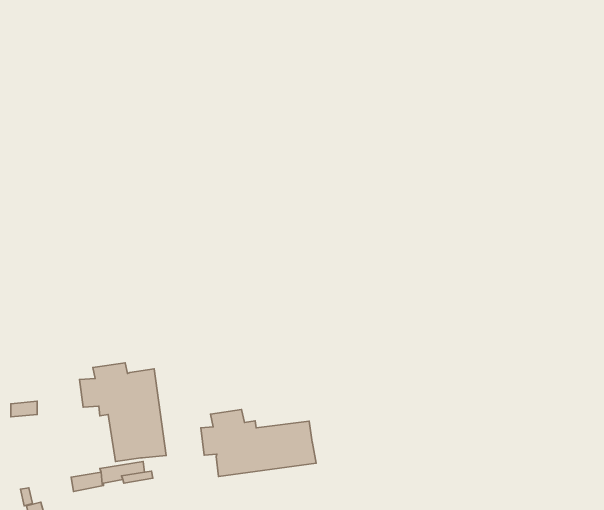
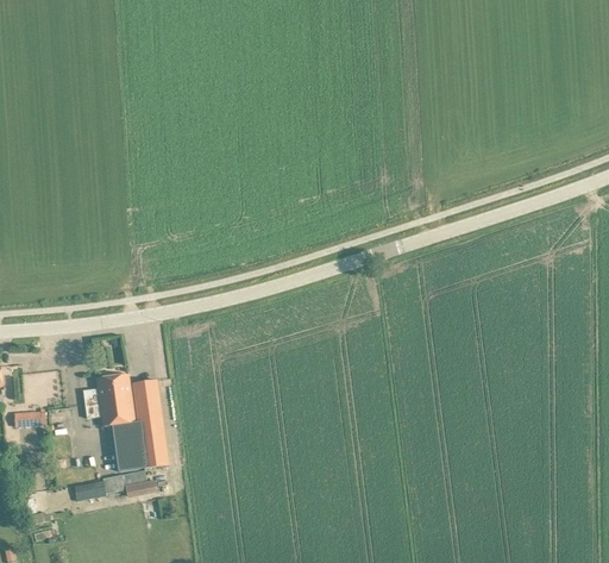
building: [201,410,316,477] -> none

